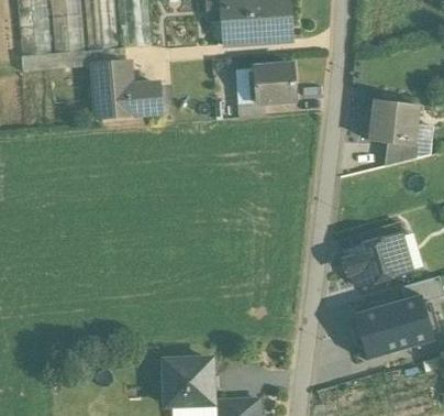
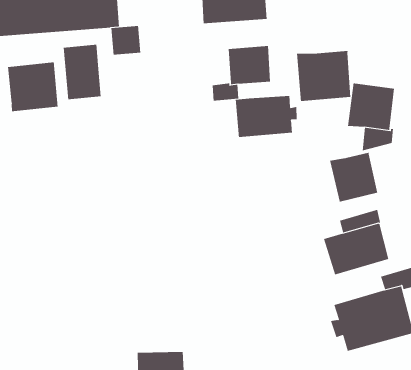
building: none -> [297,50,351,102]
building: none -> [7,62,58,112]
building: [130,84,159,112] -> [110,26,141,55]
building: none -> [235,95,297,138]
building: none -> [330,152,378,202]

